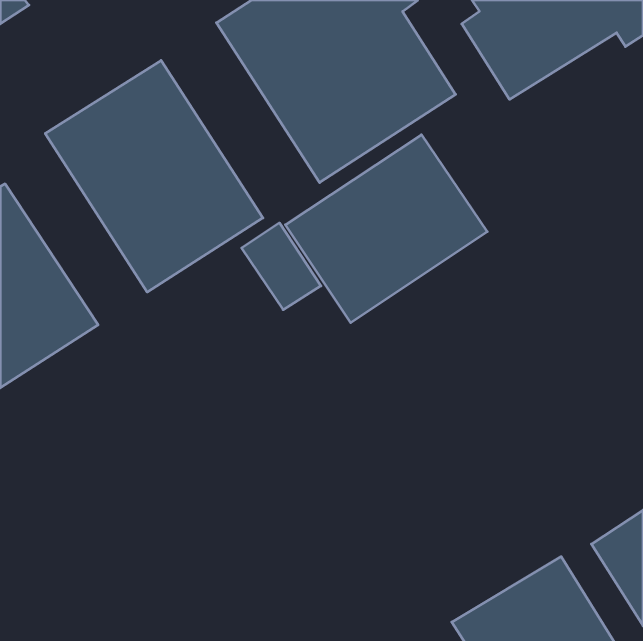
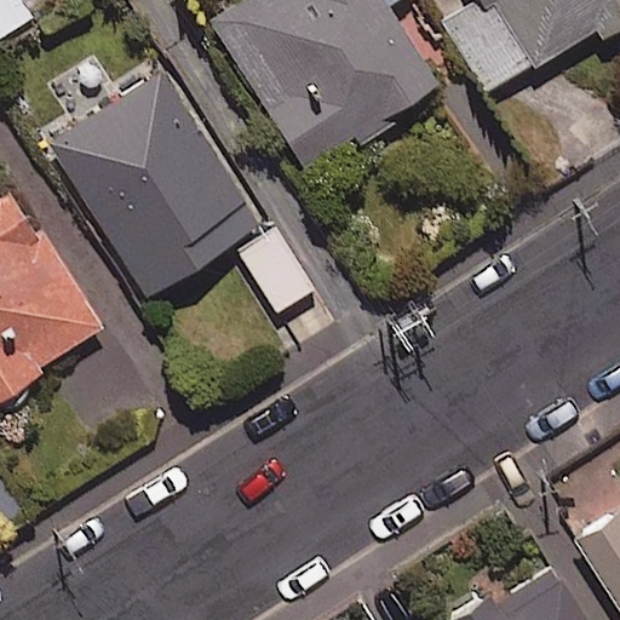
building: [285,135,487,323] -> none

